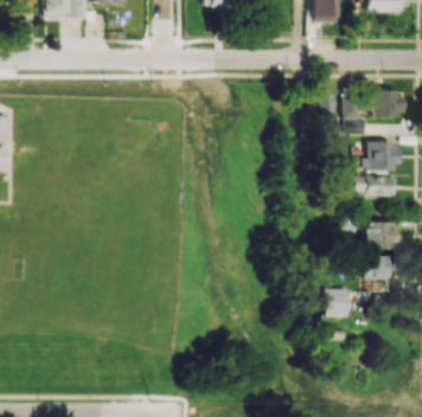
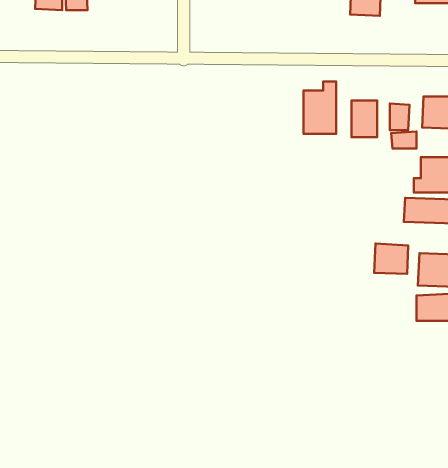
building: none -> [304,82,336,134]
building: none -> [374,243,408,274]
building: [327,289,351,317] -> none

